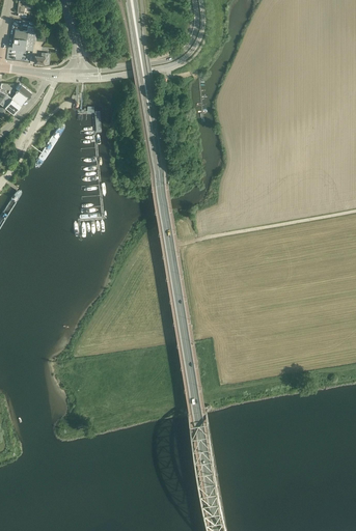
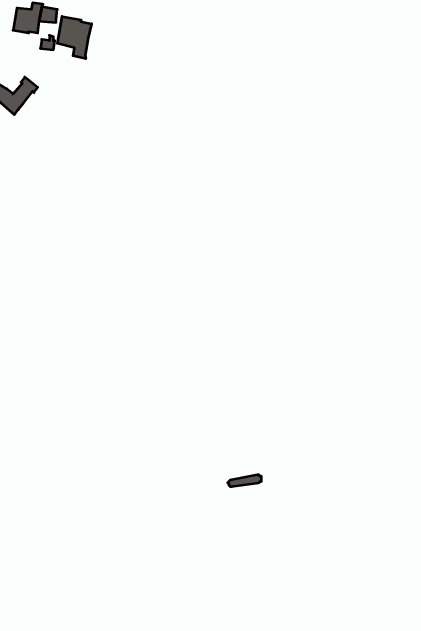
building: none -> [57,16,92,59]

